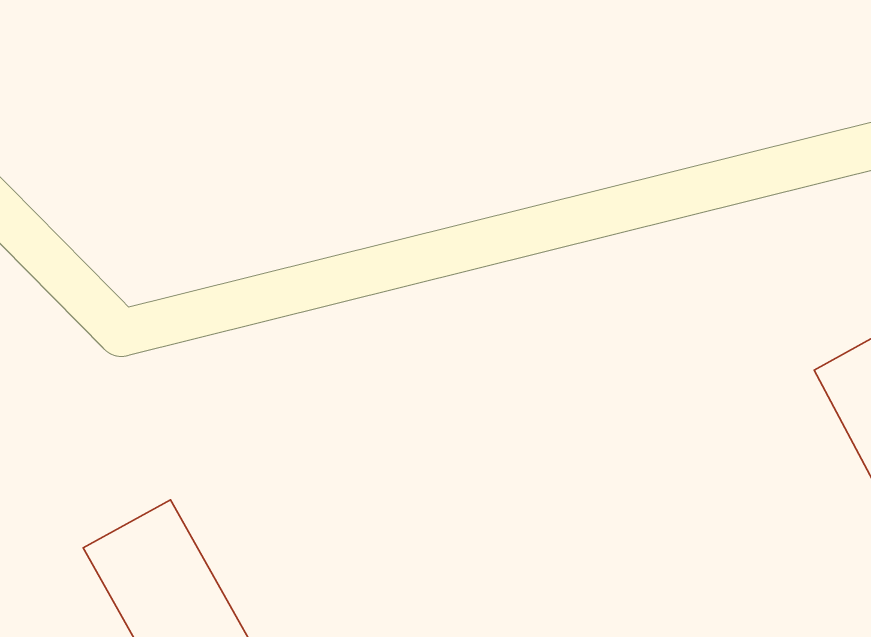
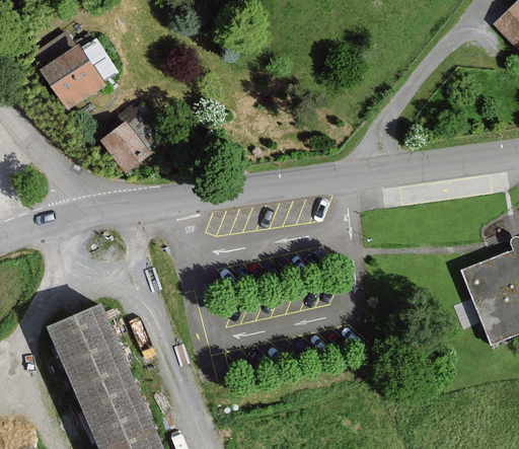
building: none -> [45,45,105,105]
building: none -> [105,122,149,167]

